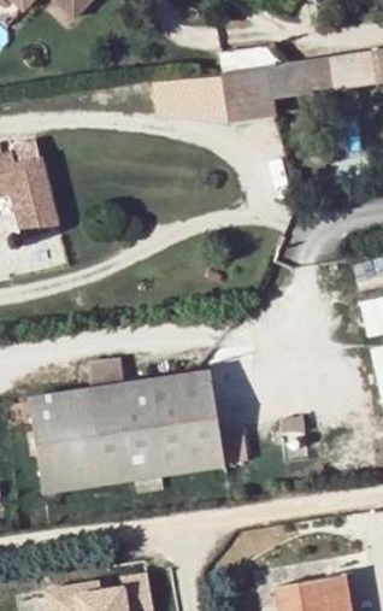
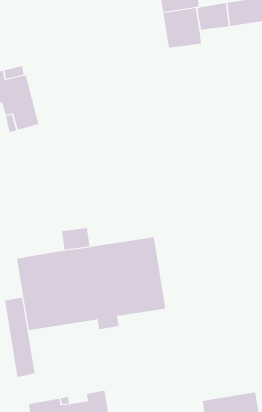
building: none -> [4,297,35,378]

